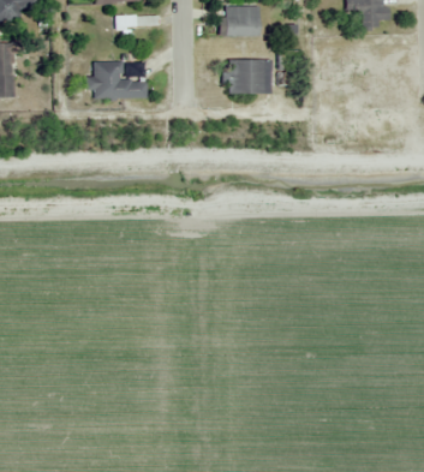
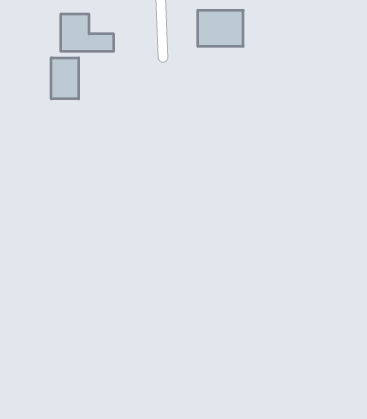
building: none -> [51,58,79,99]

